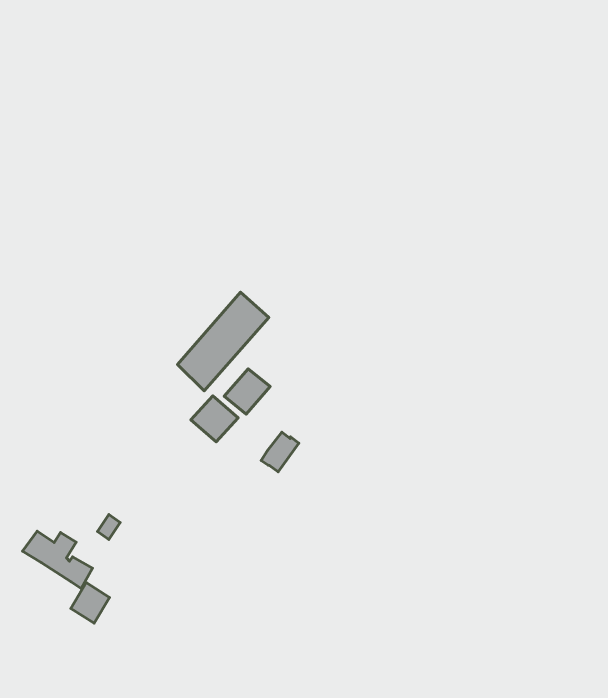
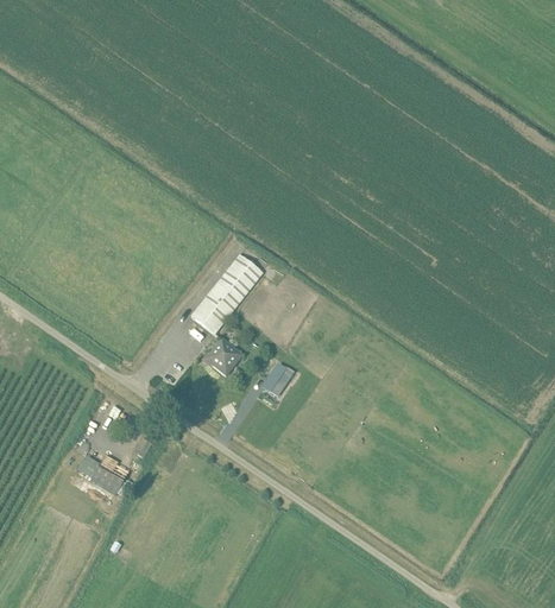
building: [224,369,270,414] -> none
building: [71,583,109,623] -> none

